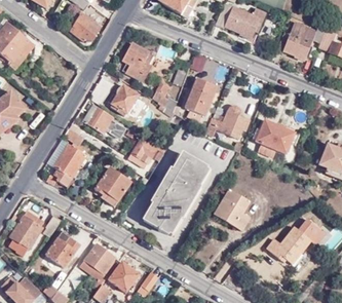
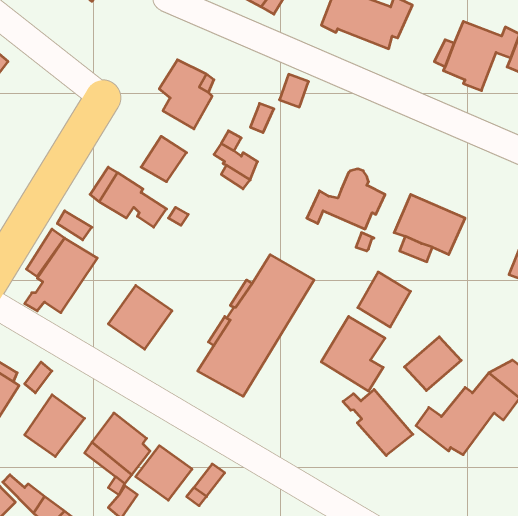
building: [72,14,100,43] -> none
building: [185,77,218,115] -> none
building: [128,139,166,167] -> none
building: none -> [358,272,411,327]
building: none -> [404,337,461,391]
building: none -> [343,389,413,456]

